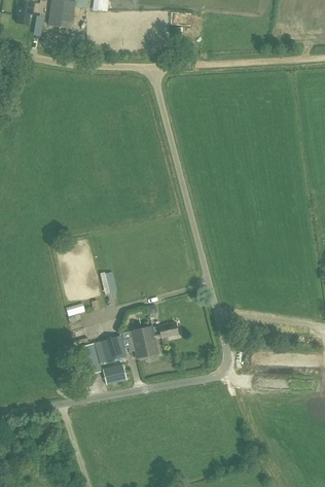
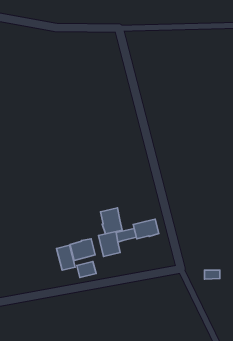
building: none -> [101,208,122,234]
building: none -> [133,219,159,239]

